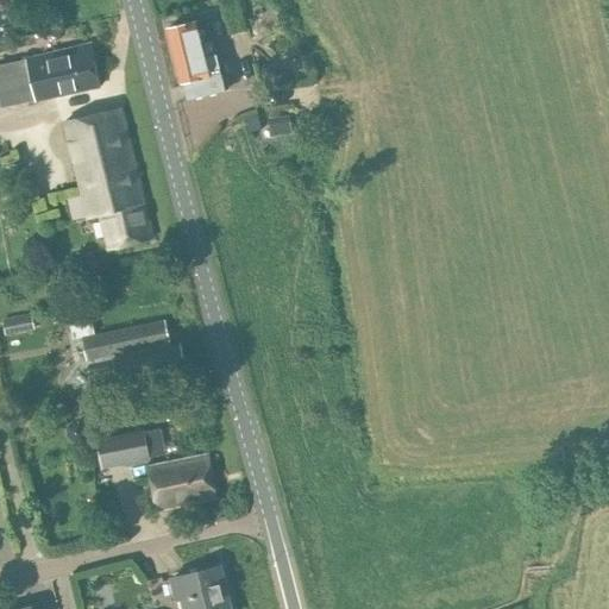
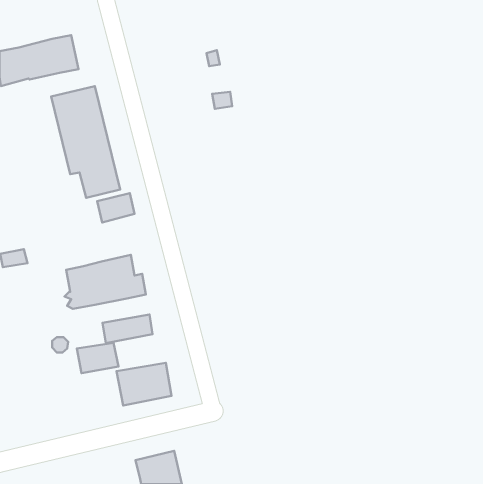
building: [165,23,224,101] -> none
building: none -> [97,193,134,223]
building: none -> [103,315,152,343]

